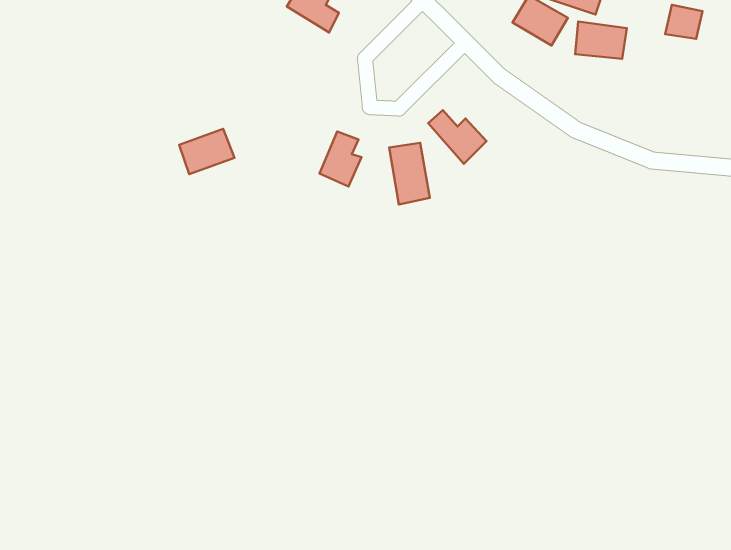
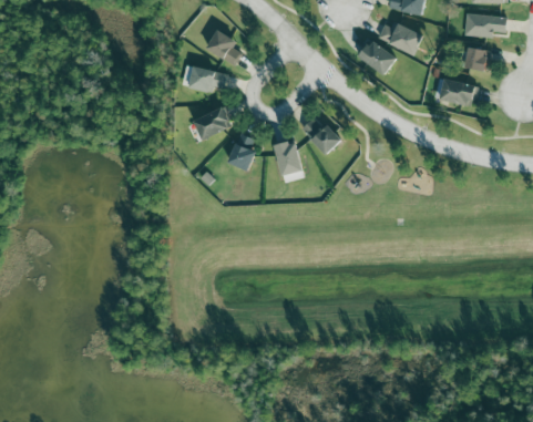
building: [575,22,627,59] -> [440,79,475,104]
building: none -> [181,64,227,92]
building: [179,129,234,174] -> [193,107,230,138]

